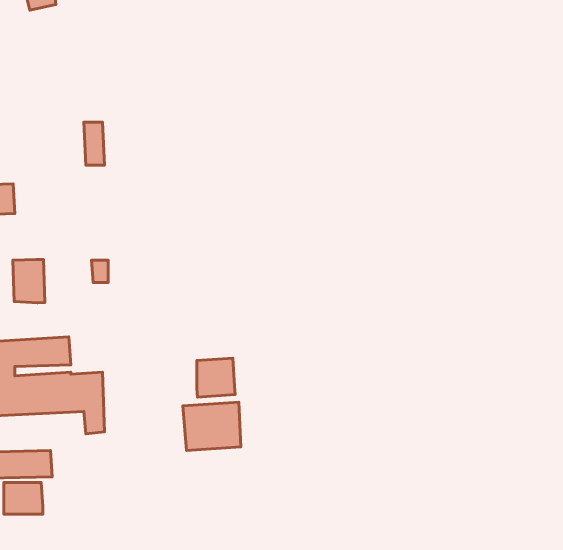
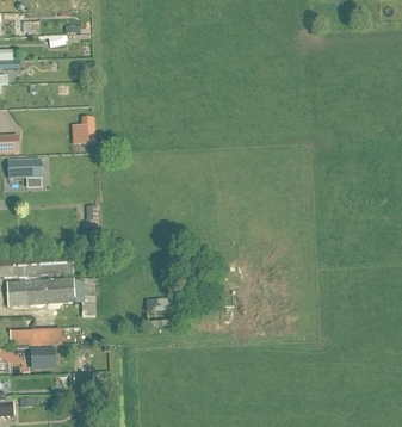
building: [13,259,45,303] -> none
building: [197,358,235,397] -> none

